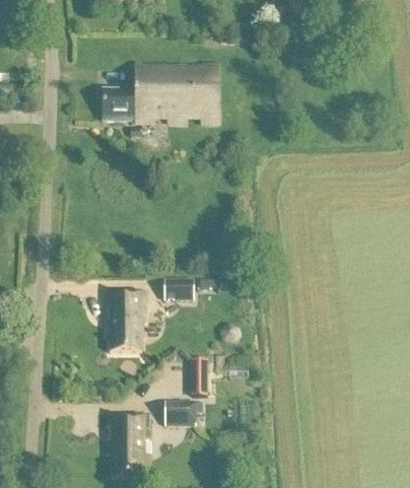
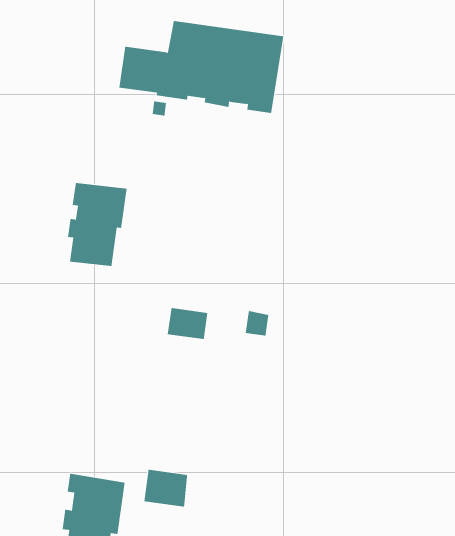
building: [105,288,144,349] -> [67,182,127,267]
building: [188,356,206,394] -> none

